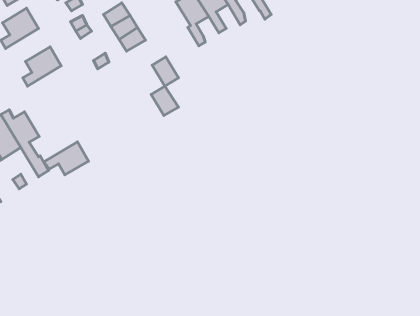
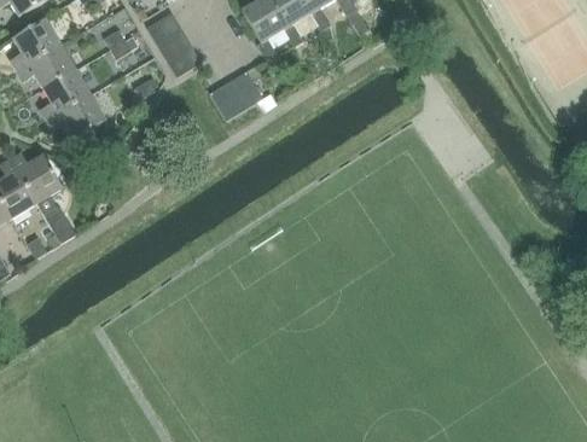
building: none -> [17,43,76,87]
building: [151,86,179,115] -> [228,70,265,109]
building: [44,142,89,175] -> [46,93,105,136]

